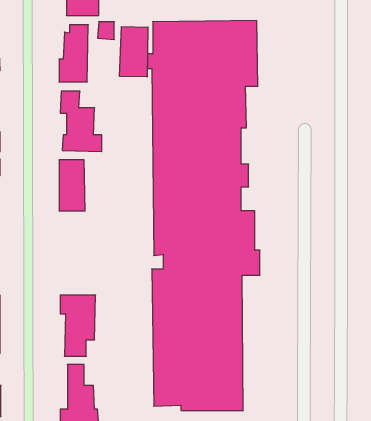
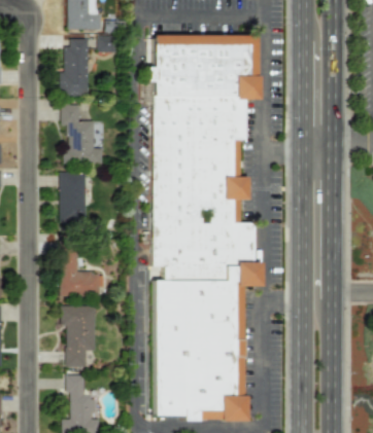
building: [120,27,148,77] -> none
building: none -> [59,246,103,296]

